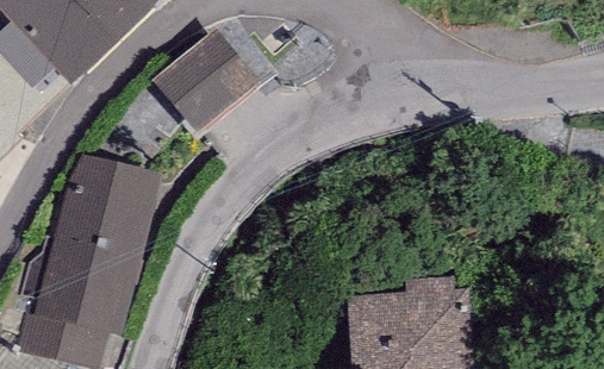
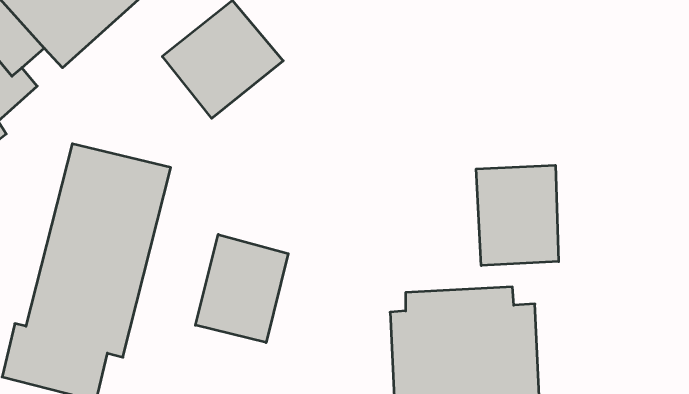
building: none -> [476,165,559,266]
building: none -> [195,234,288,343]

